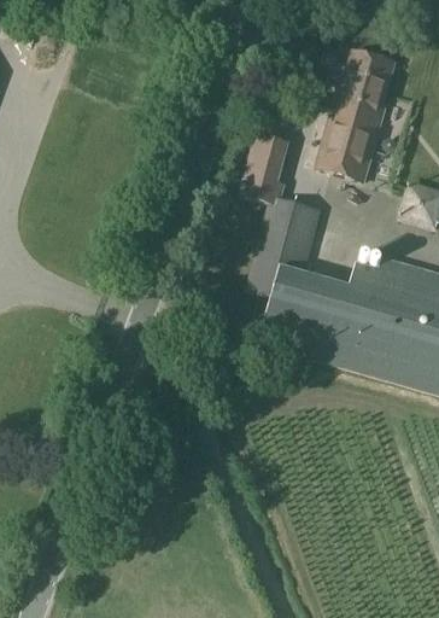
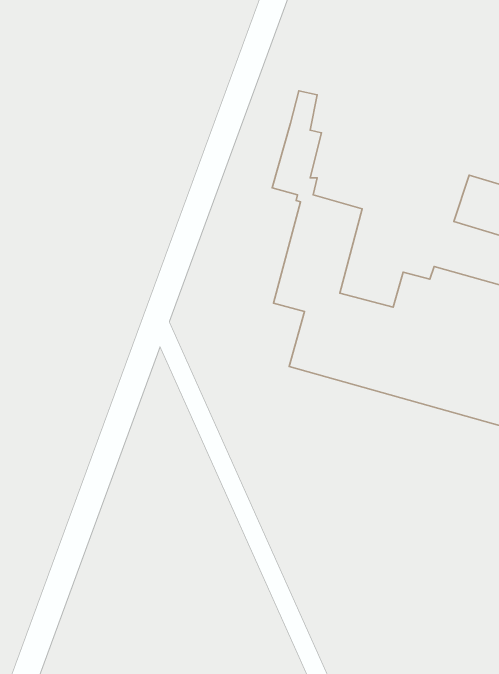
building: [314,48,393,182] -> none

